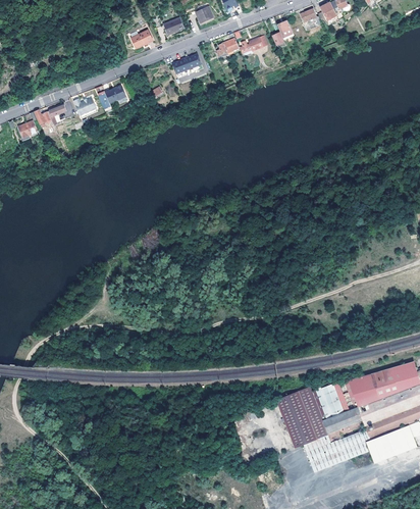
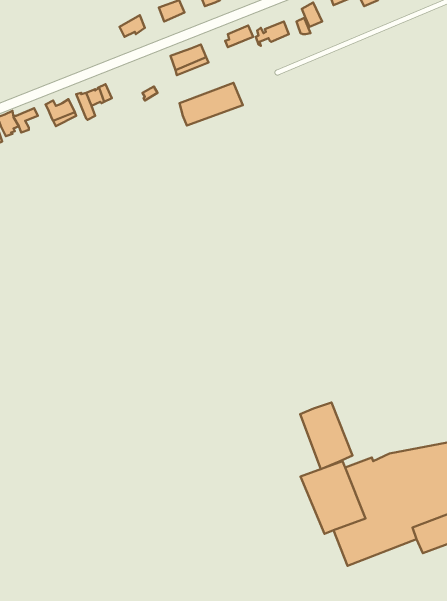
building: none -> [179,83,243,125]
building: none -> [300,403,353,469]

